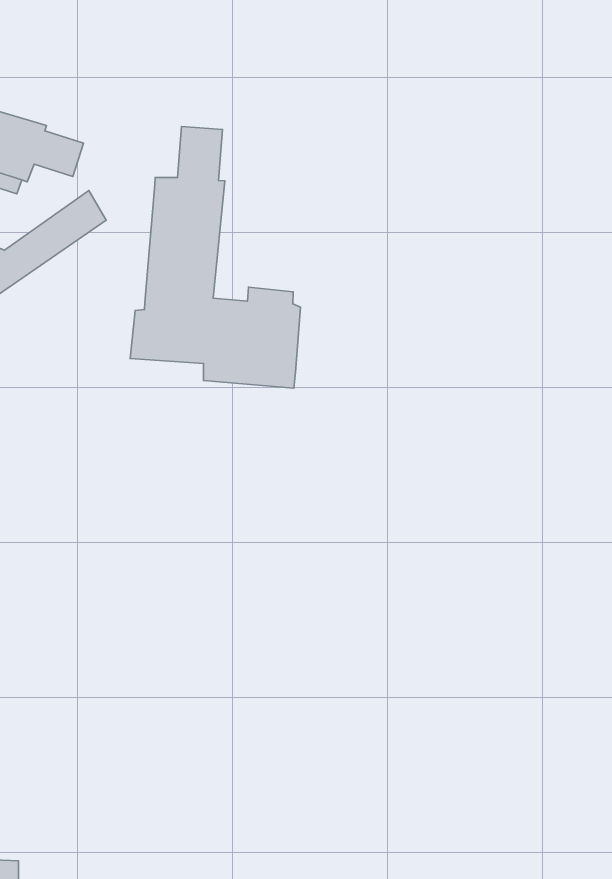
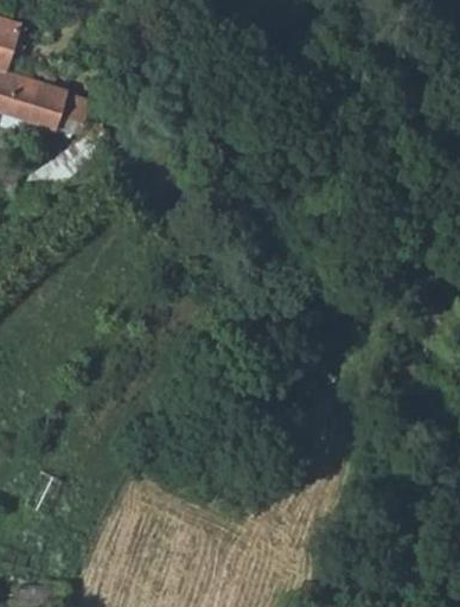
building: [130,126,301,388] -> none

